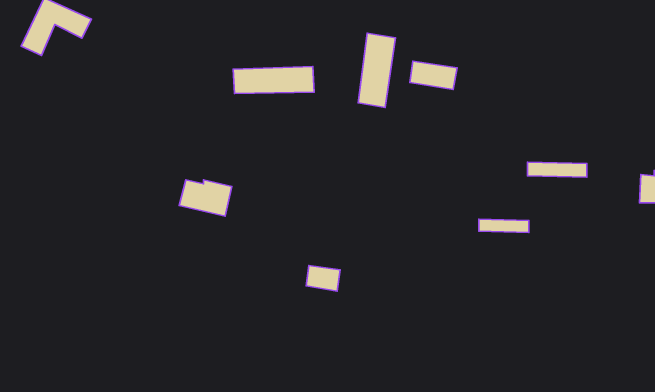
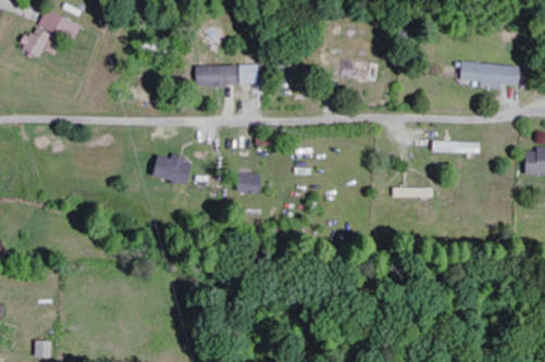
building: [358,33,396,108] -> none
building: none -> [460,63,520,86]
building: [306,266,340,291] -> [235,174,262,195]

